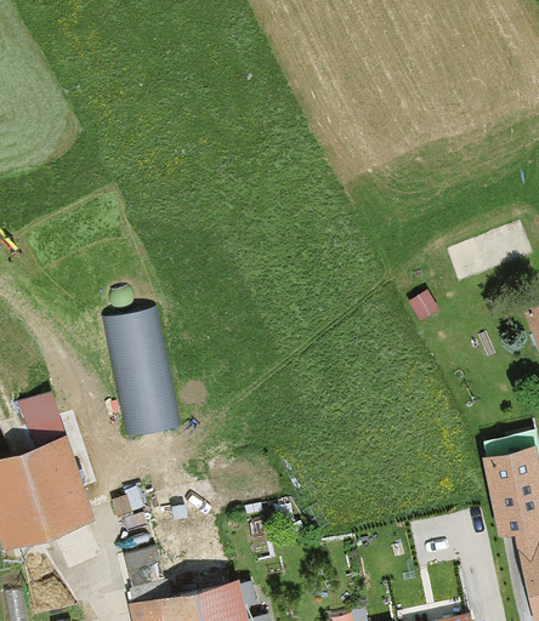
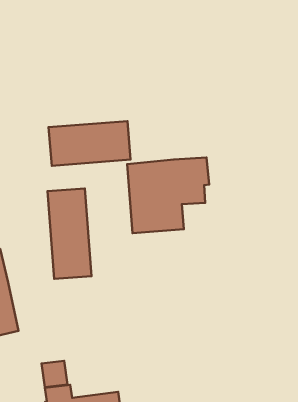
building: none -> [49,121,131,166]
building: none -> [127,158,209,233]

